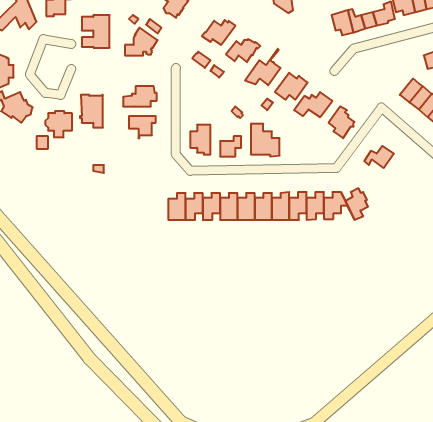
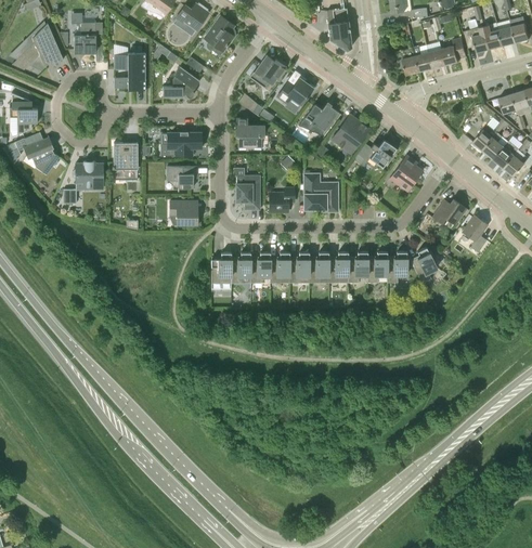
building: none -> [235,118,263,149]
building: none -> [170,200,197,224]
building: none -> [463,214,488,252]

